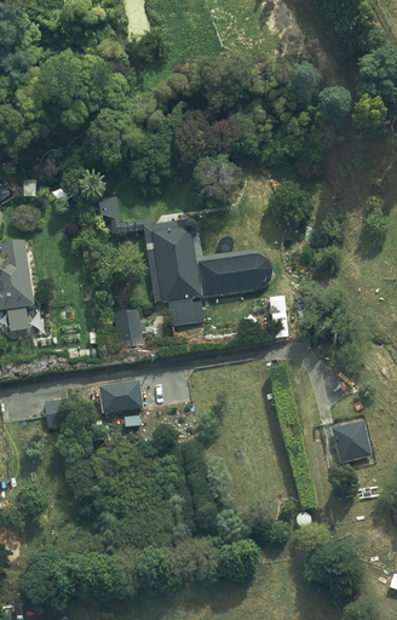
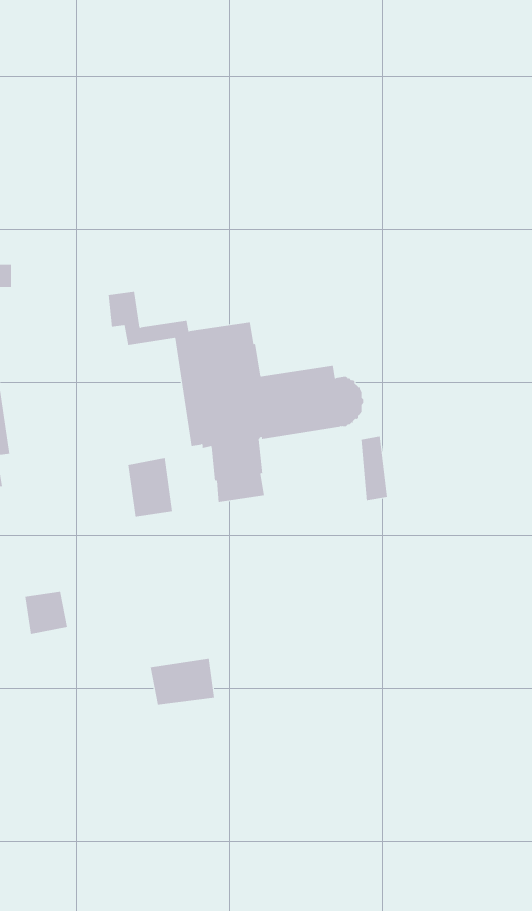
building: [98,380,142,412] -> [150,658,215,705]
building: [330,420,370,461] -> none

